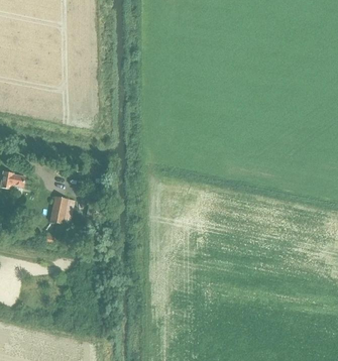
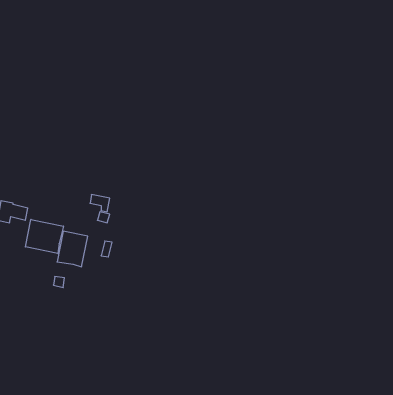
building: none -> [25,219,63,254]

